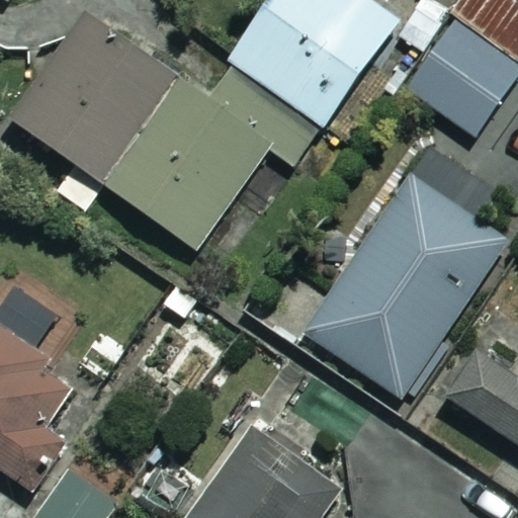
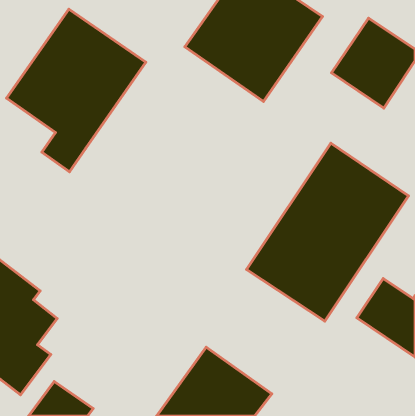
building: [106,67,322,248] -> none

